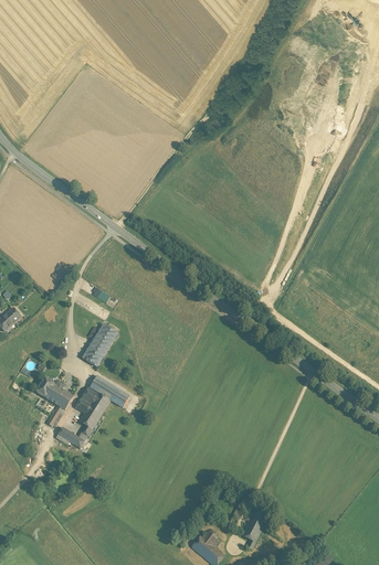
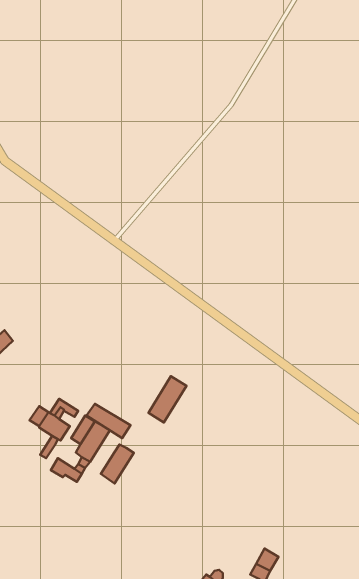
building: [81,324,116,367] -> [148,376,186,422]
building: none -> [101,445,134,484]

